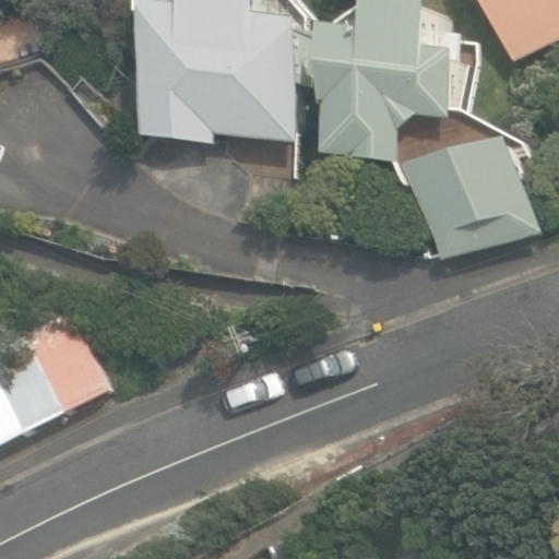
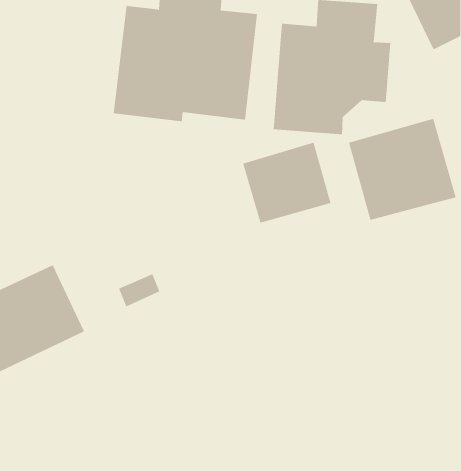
building: none -> [242,142,331,224]

